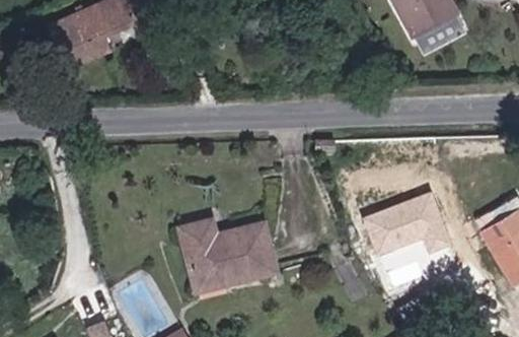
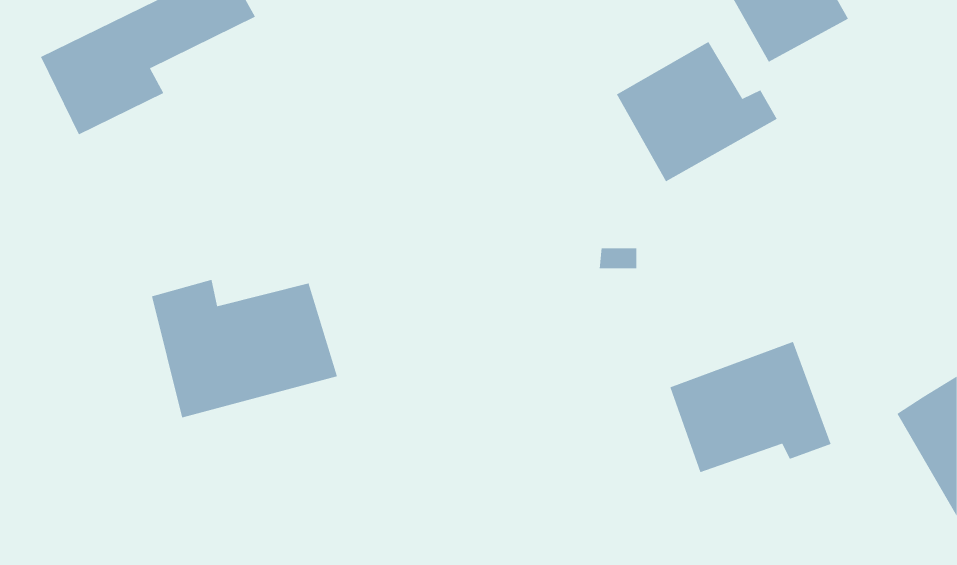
building: none -> [616,41,778,182]
building: [175,216,275,290] -> [151,279,338,418]

